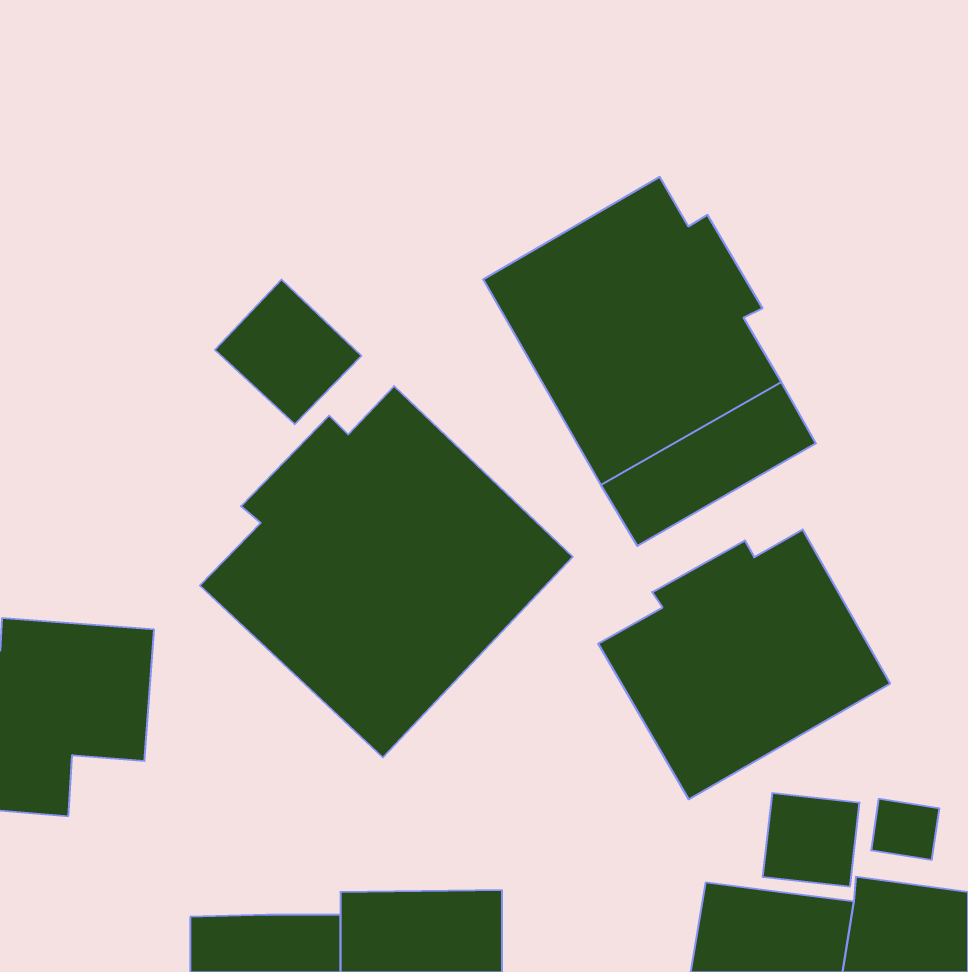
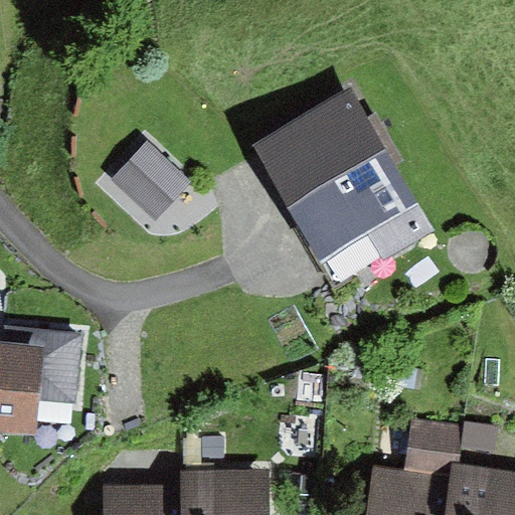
building: [200,386,573,757] -> none
building: [598,529,890,799] -> none

